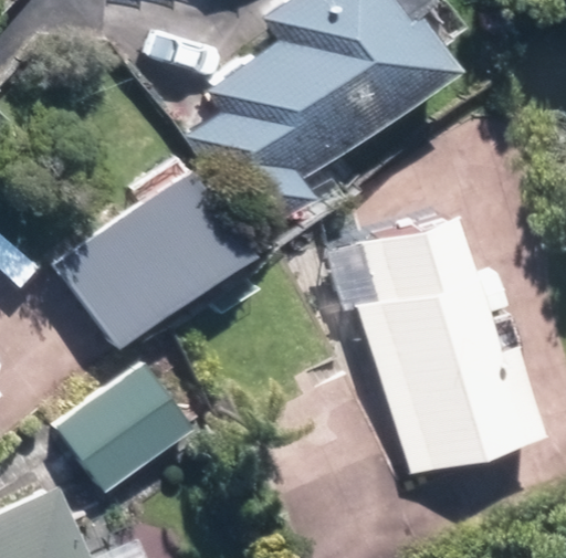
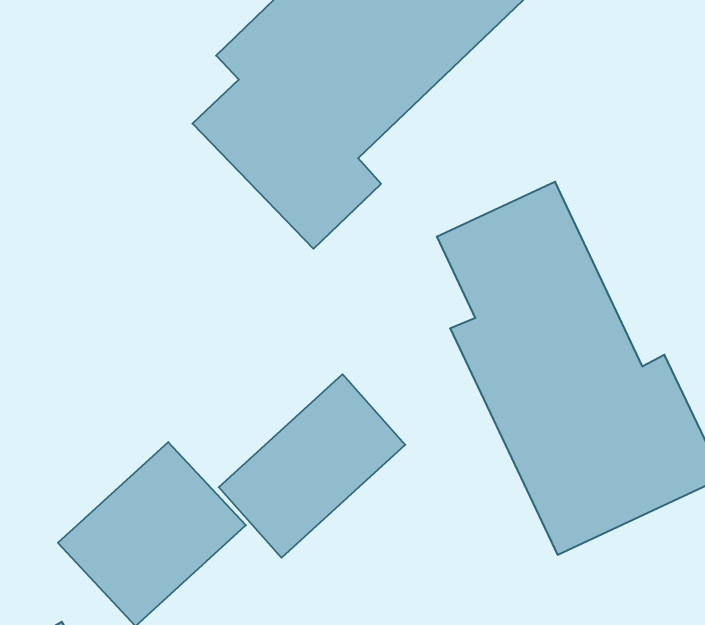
building: [55,167,252,350] -> none
building: none -> [219,374,405,558]

